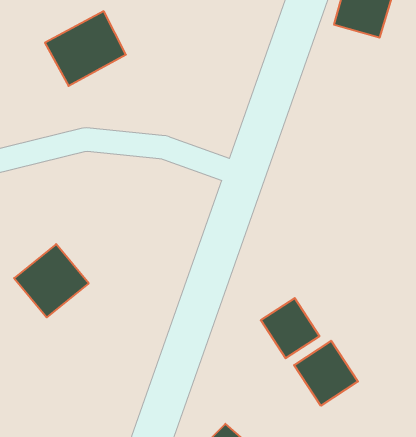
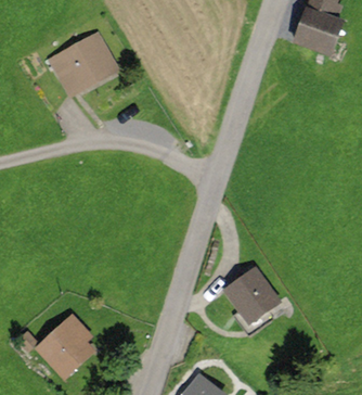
building: [14,244,89,317] -> [33,317,94,378]
building: [294,341,358,406] -> none

